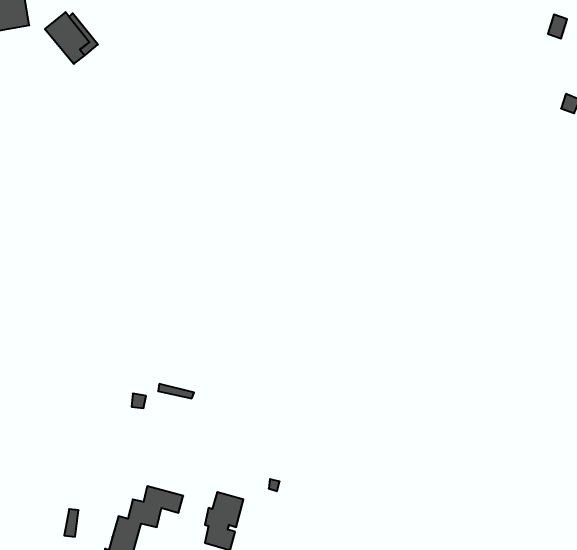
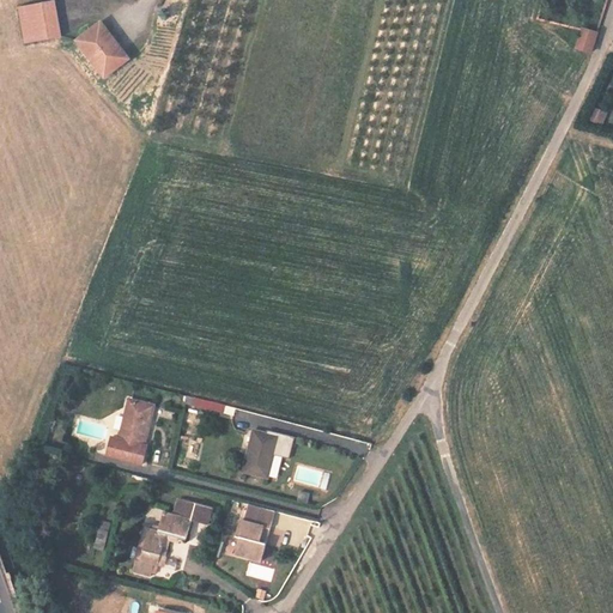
building: none -> [107,399,152,461]
building: none -> [241,431,292,478]

